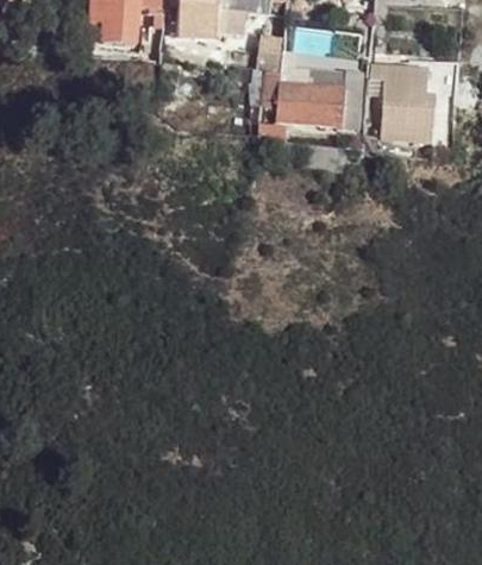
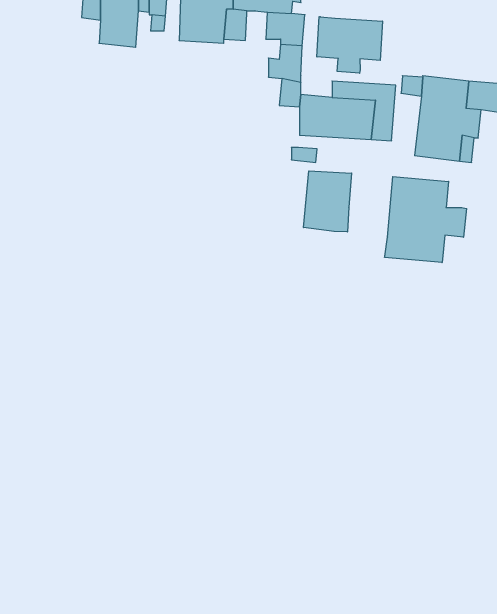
building: none -> [317,17,382,73]
building: none -> [304,171,352,232]
building: none -> [385,177,467,263]

